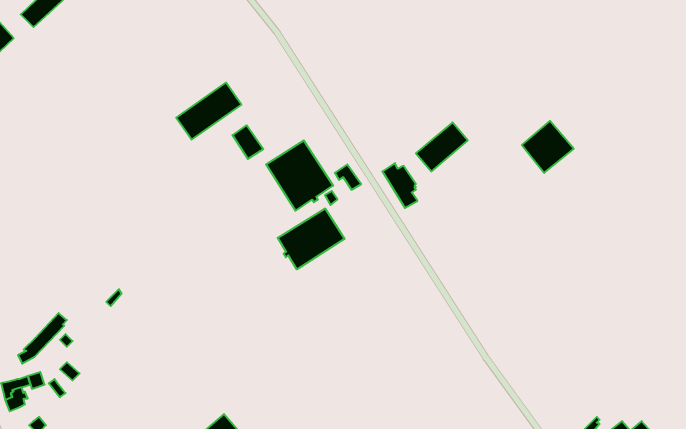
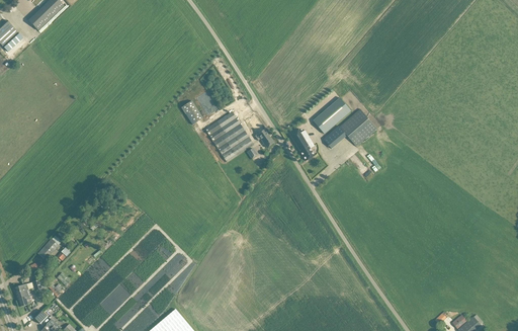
building: [176,83,241,140] -> none
building: [522,121,574,173] -> [339,108,376,146]
building: [278,208,345,269] -> none

